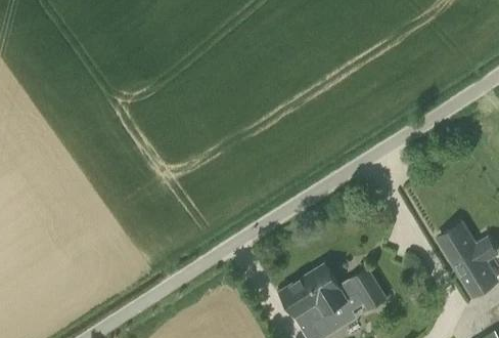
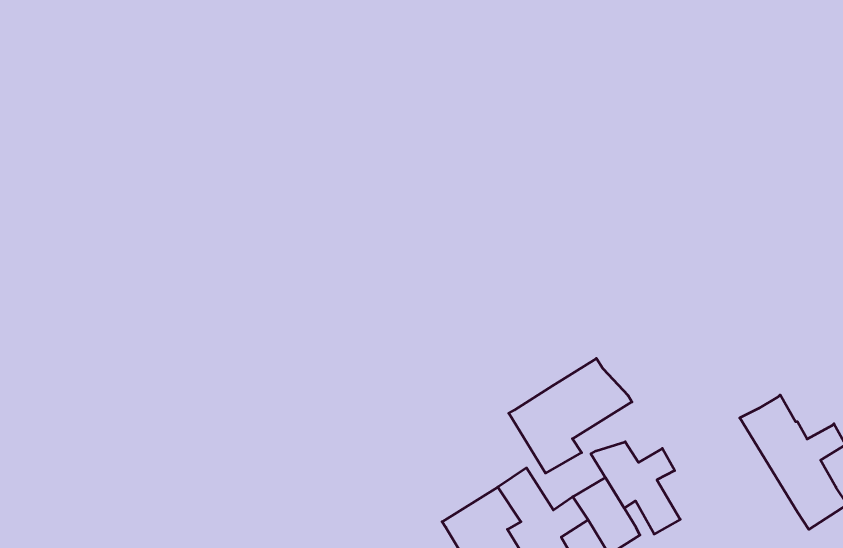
building: none -> [509,358,632,473]
building: none -> [591,442,680,534]

